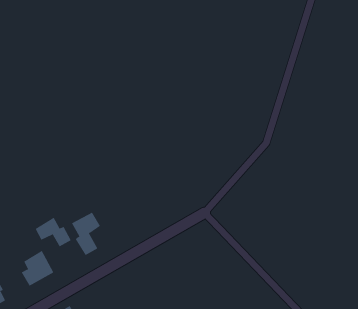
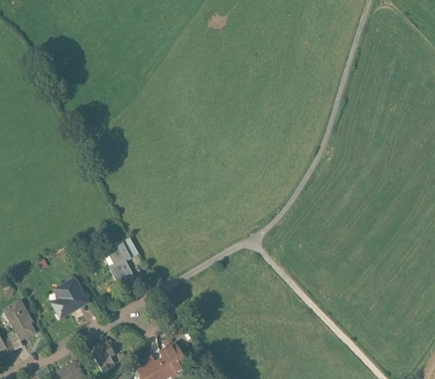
building: [35,217,72,247] -> none

